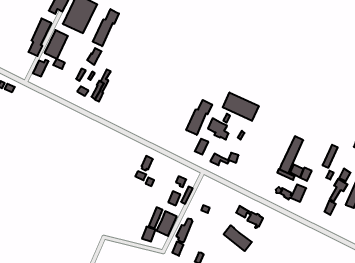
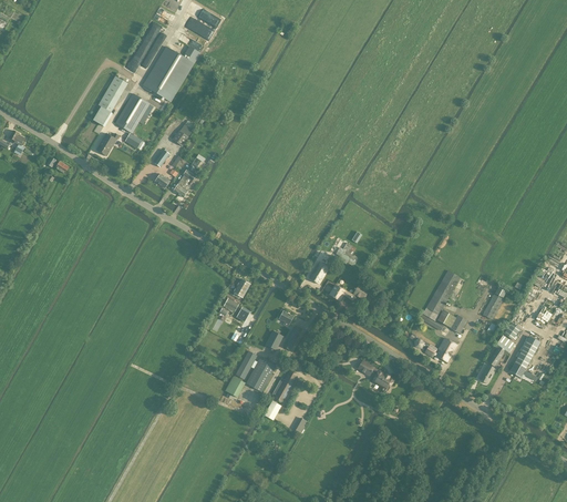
building: [93,9,119,46] -> none
building: [223,92,259,121] -> none
building: [186,100,212,135] -> none
building: [224,225,252,251] -> none

